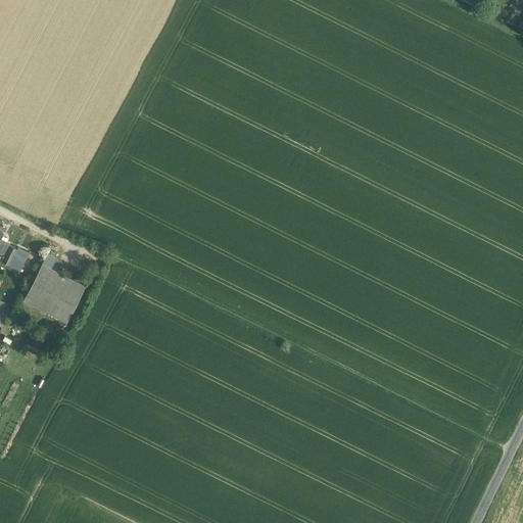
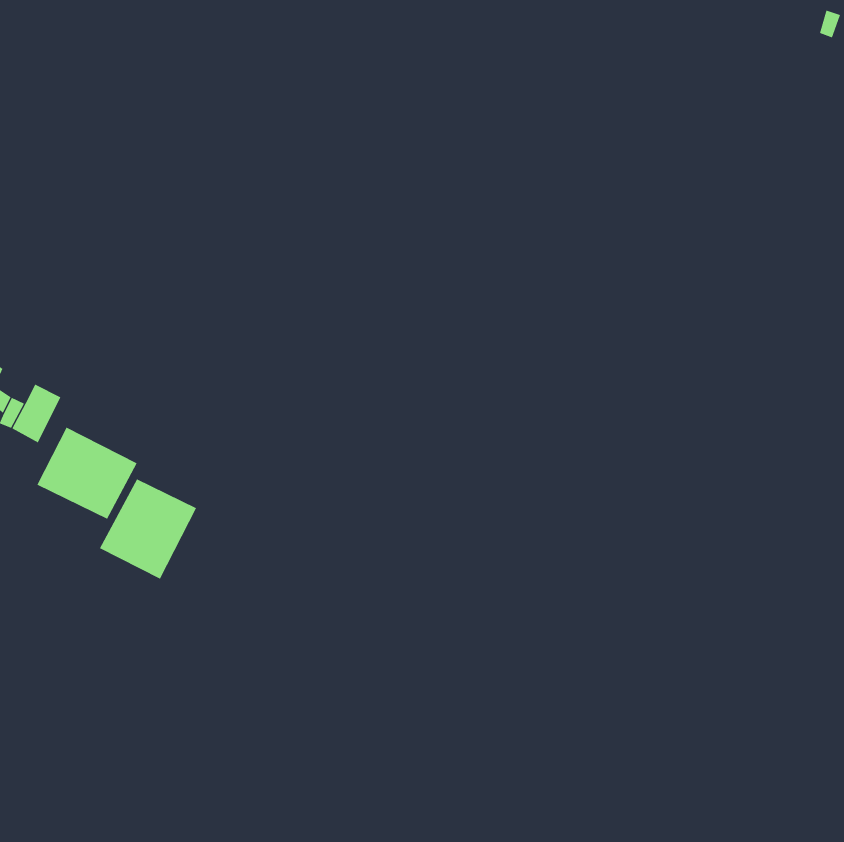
building: none -> [99,478,197,580]

